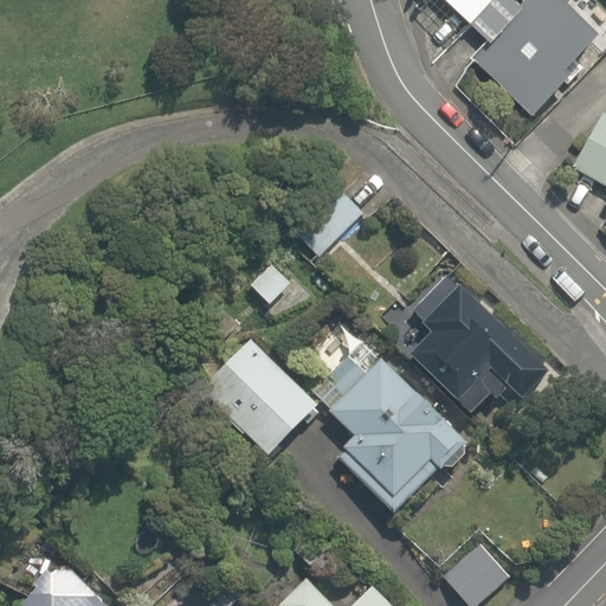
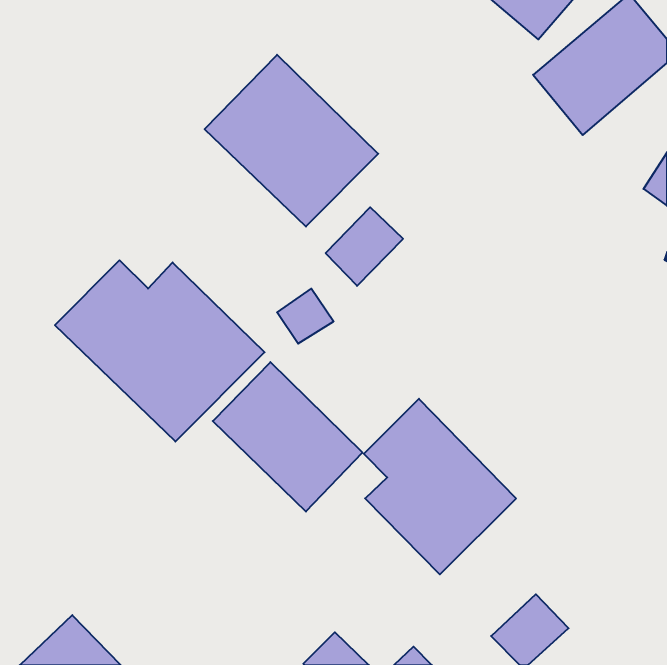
building: none -> [205,55,378,227]
building: none -> [55,260,265,442]
building: [407,267,562,411] -> none

